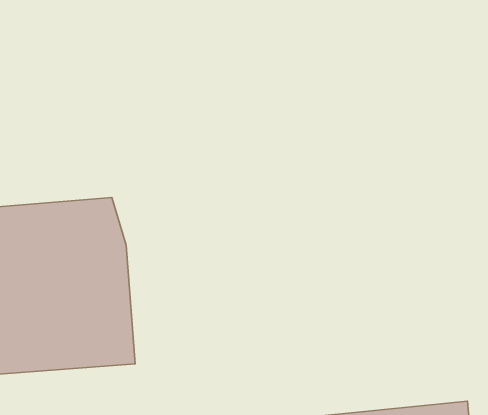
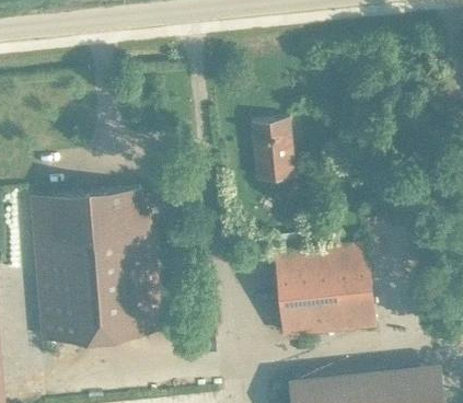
building: none -> [250,123,293,180]
building: none -> [275,245,374,339]

